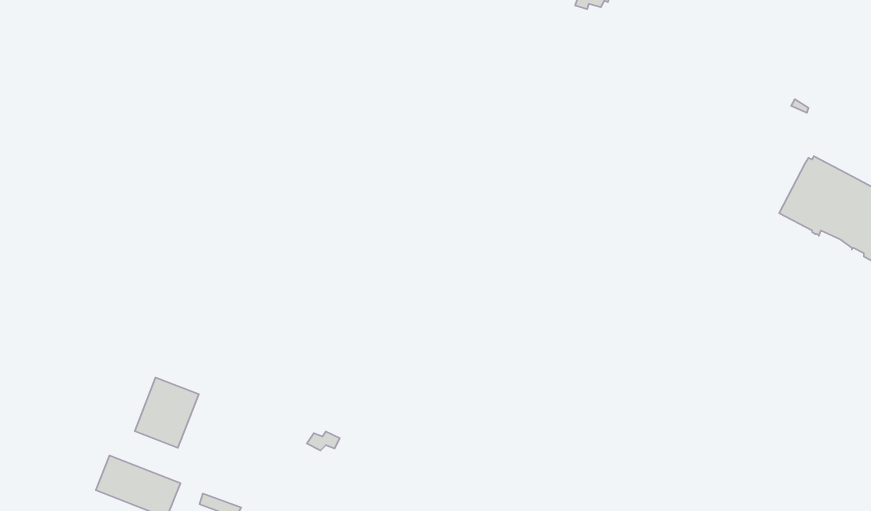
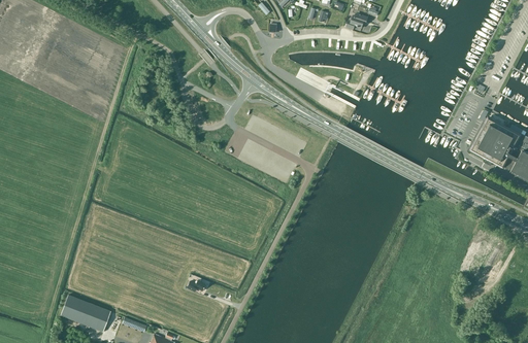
building: [135,378,199,448] -> none

